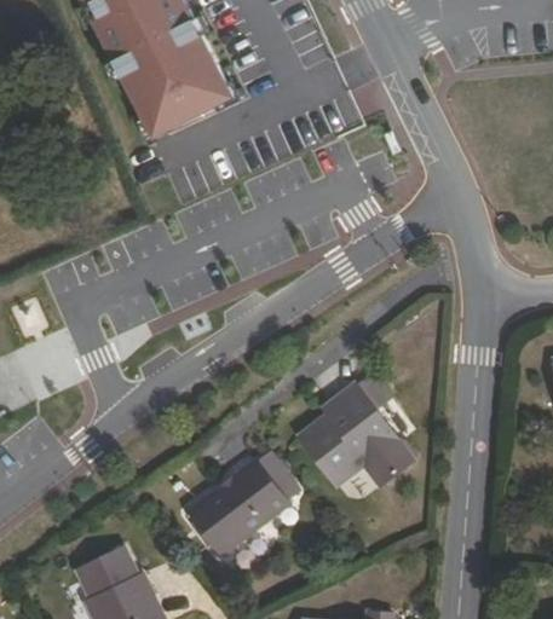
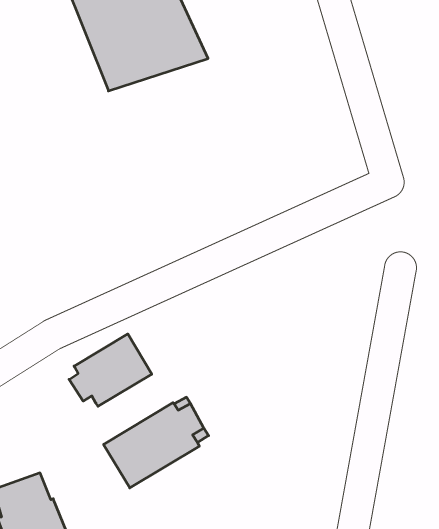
building: [299,377,413,486] -> none
building: none -> [69,334,152,406]

